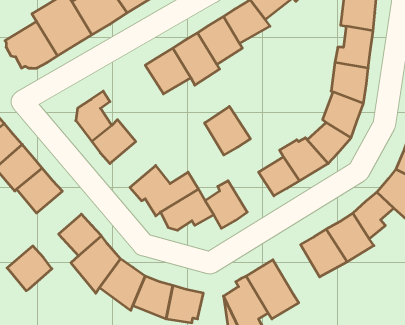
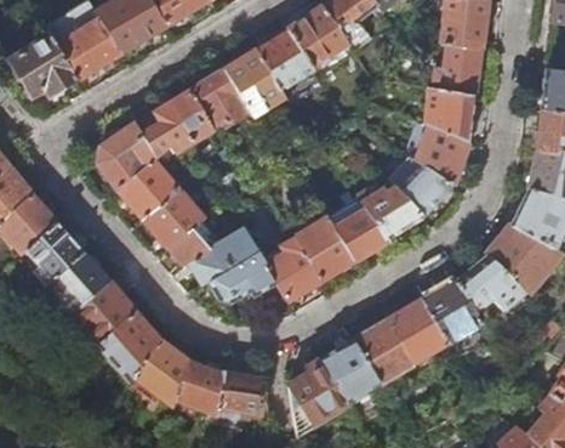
building: none -> [137,92,213,159]
building: [205,106,250,155] -> [296,217,354,279]
building: none -> [145,189,209,248]
building: none -> [353,321,413,385]
building: [7,246,52,291] -> [52,253,109,310]

